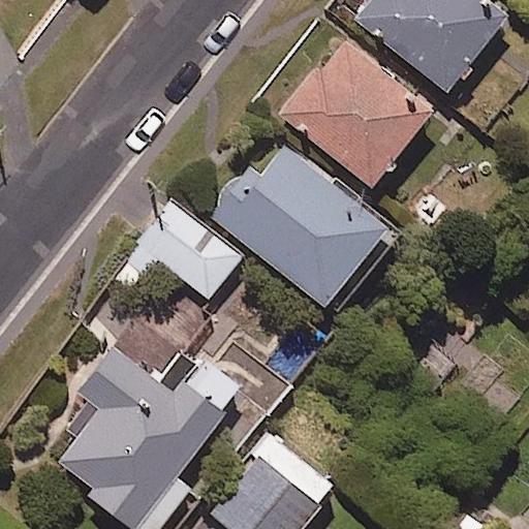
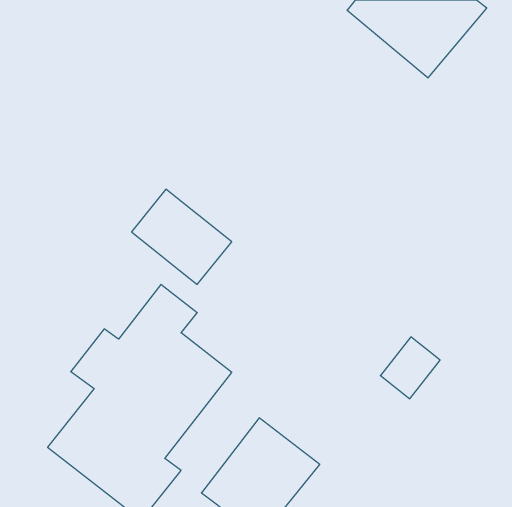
building: [284,41,431,186] -> none
building: [212,143,397,311] -> none

